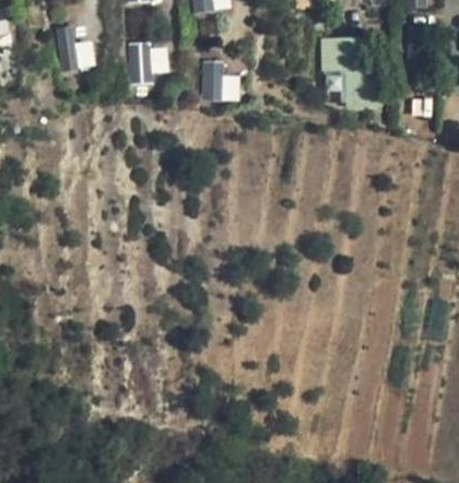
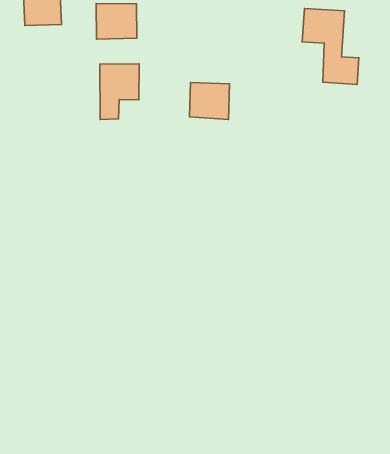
building: [201,66,239,99] -> [189,82,230,119]
building: none -> [100,64,139,120]

